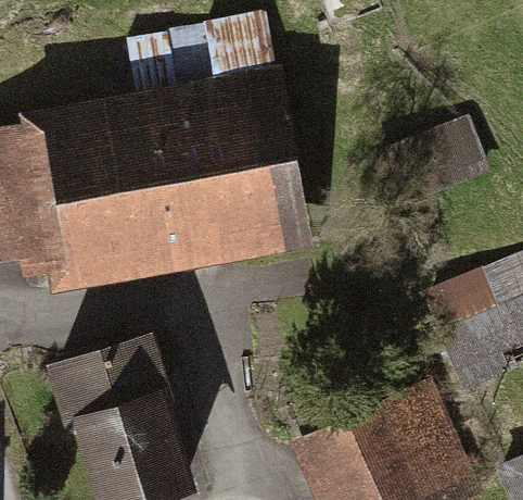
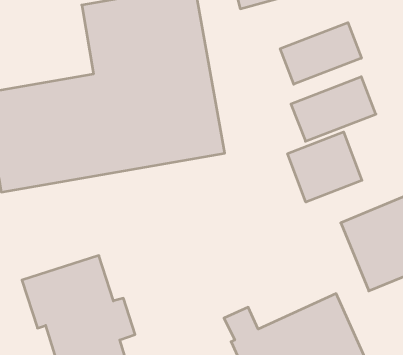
building: none -> [280,23,361,84]
building: none -> [288,132,362,202]

